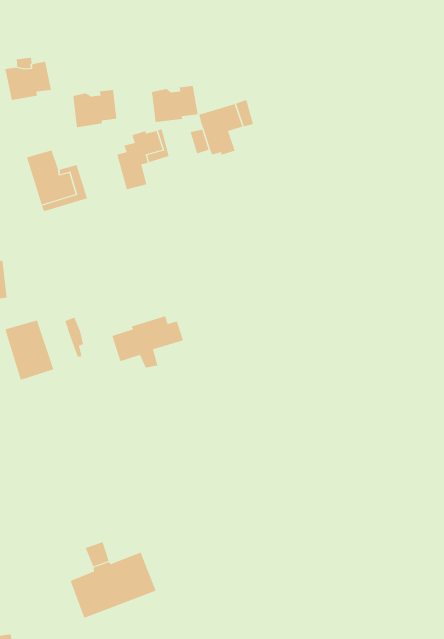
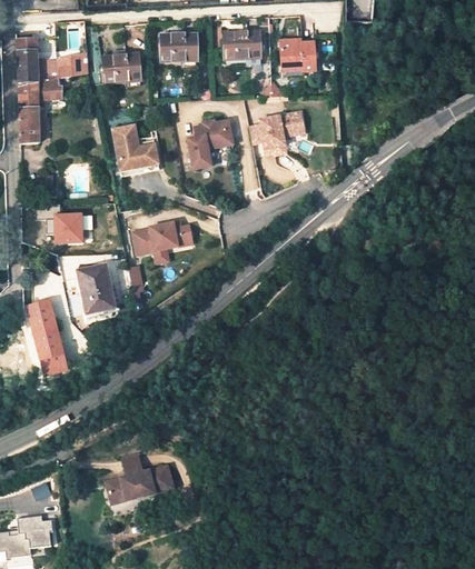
building: none -> [281,41,316,71]
building: [151,85,198,123] -> [225,32,261,59]
building: [72,90,117,128] -> [162,34,197,62]
building: [111,316,184,368] -> [132,221,191,262]

